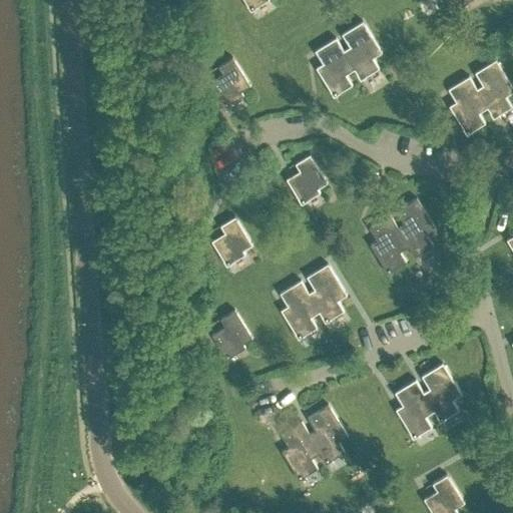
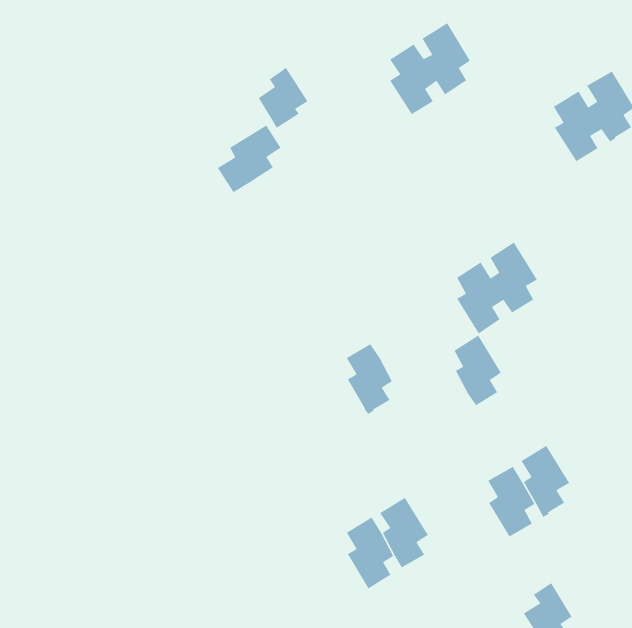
building: none -> [217,125,282,193]
building: [287,156,327,205] -> none
building: [212,217,252,267] -> none
building: [308,265,347,323] -> [454,334,502,406]
building: [211,311,252,360] -> none

